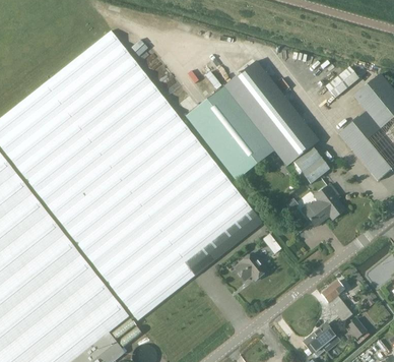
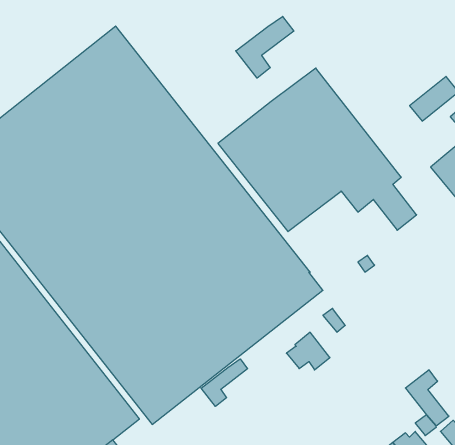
building: none -> [236,16,294,78]
building: [302,185,345,227] -> none
building: none -> [201,359,248,406]

